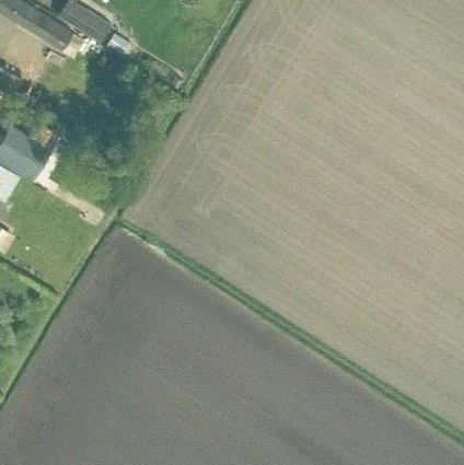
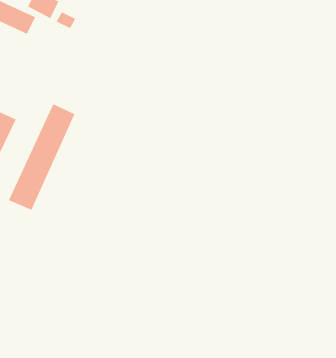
building: none -> [8,103,76,211]

